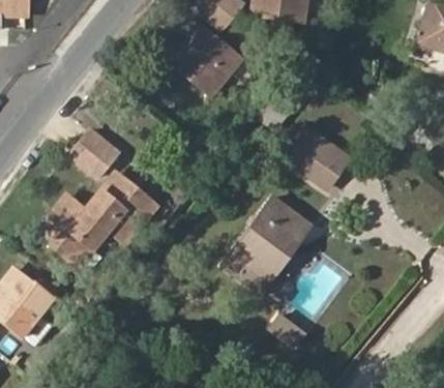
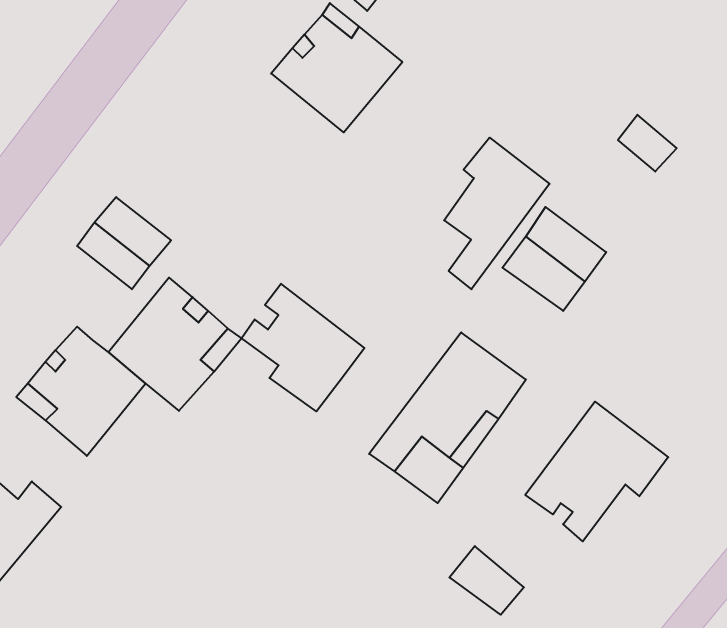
building: none -> [444,138,550,289]
building: none -> [242,284,364,411]
building: none -> [525,402,668,541]

